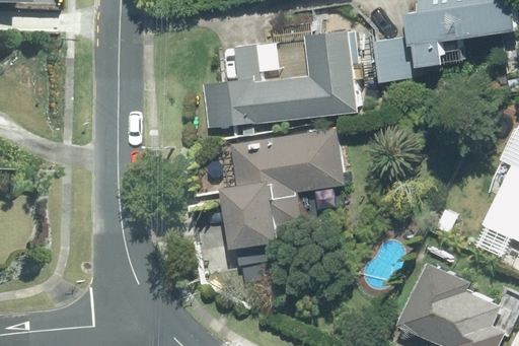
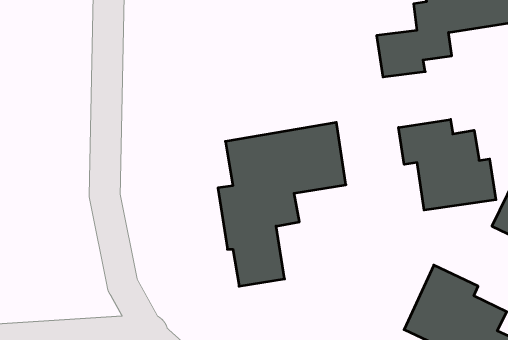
building: [200,31,358,129] -> none
building: none -> [399,119,496,210]

